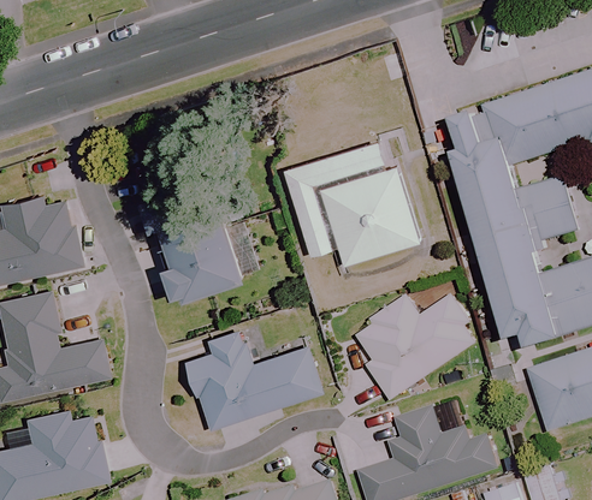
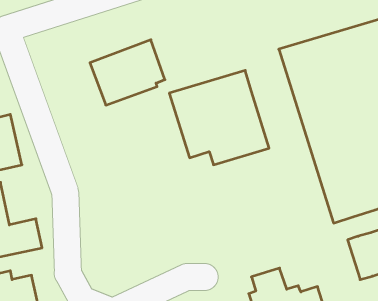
building: [155,216,257,305] -> [90,40,165,105]
building: [354,297,480,401] -> none
building: [187,332,322,431] -> none

